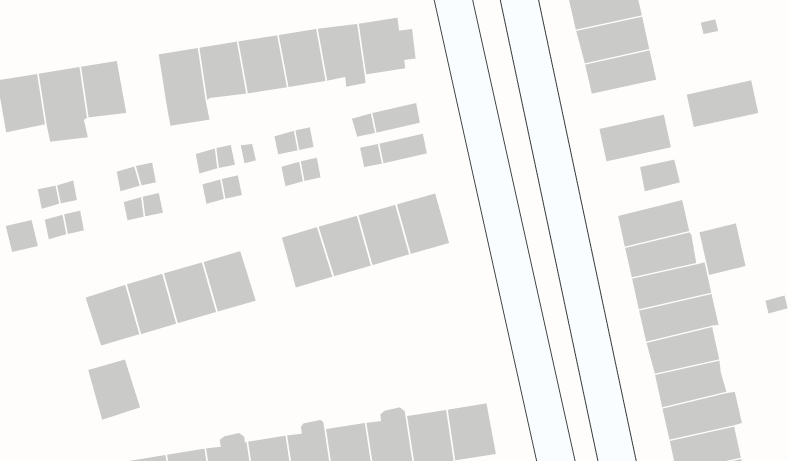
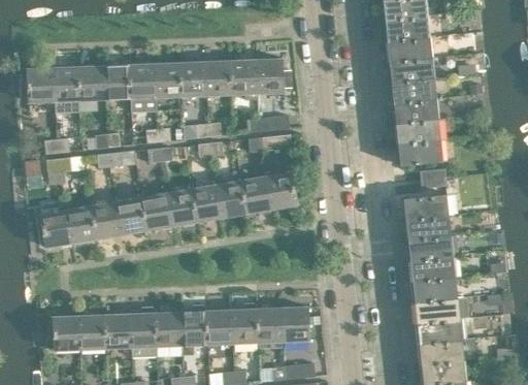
building: none -> [103,65,130,100]
building: [686,80,759,128] -> [396,119,440,145]
building: [698,222,746,276] -> none
building: none -> [166,189,197,227]
building: [87,358,141,421] -> [40,212,71,249]

